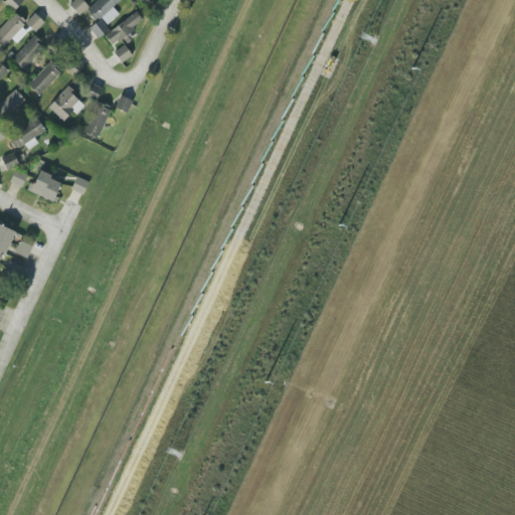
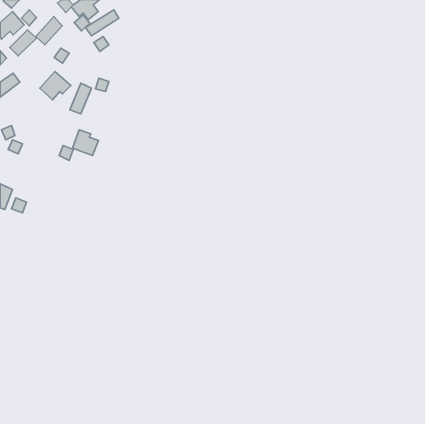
building: [28,60,60,95] -> [36,17,62,45]
building: [9,118,47,148] -> none
building: [30,169,61,200] -> [73,130,98,155]

